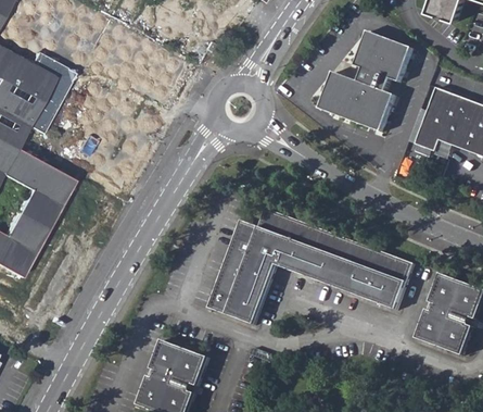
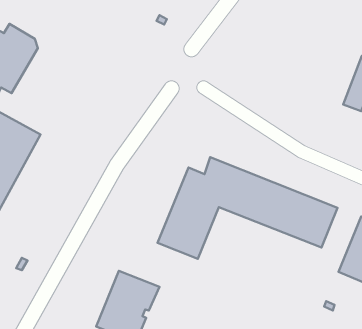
building: [321,30,414,132] -> none

